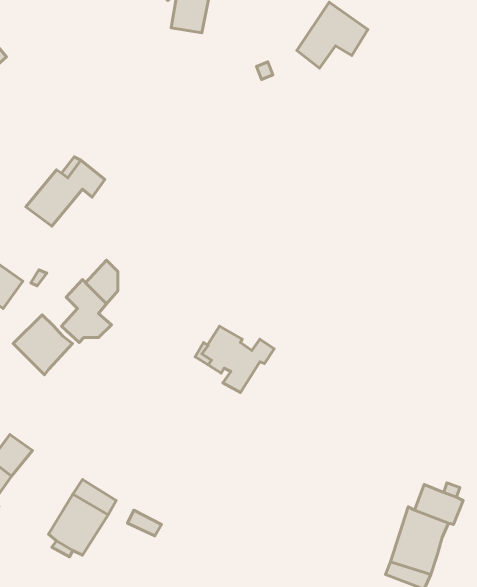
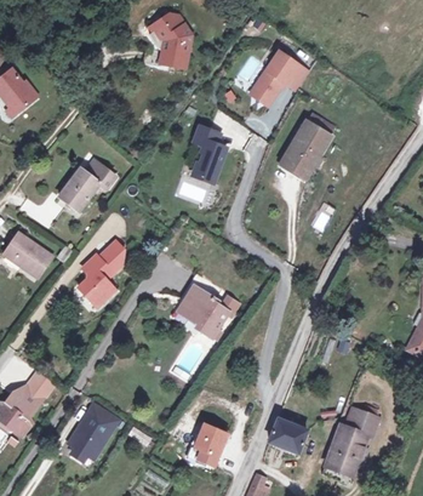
building: none -> [279,113,333,175]
building: none -> [193,130,225,186]
building: [13,315,72,375] -> none
building: none -> [268,420,305,455]
building: none -> [189,423,227,464]

